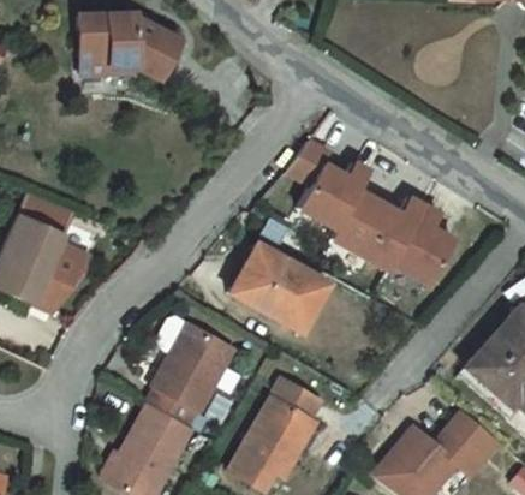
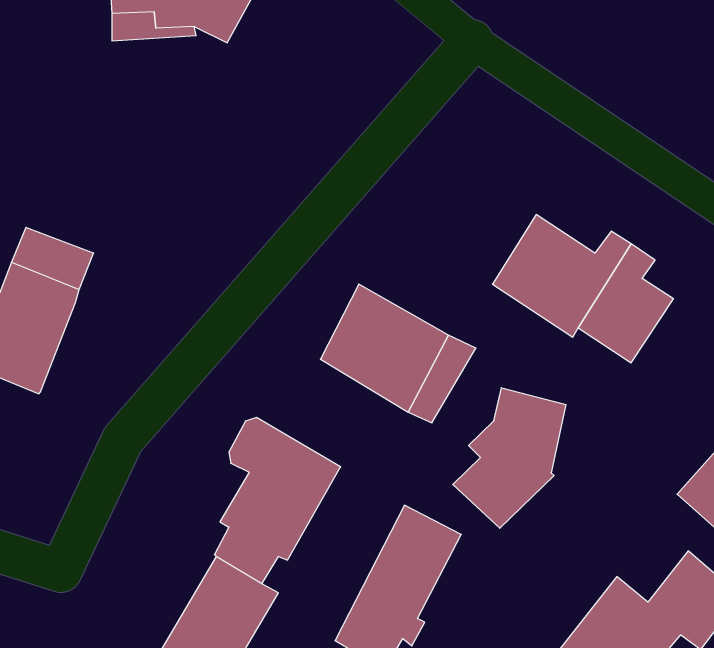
building: [294,136,375,232] -> none
building: [37,244,90,310] -> none
building: none -> [453,388,566,528]

